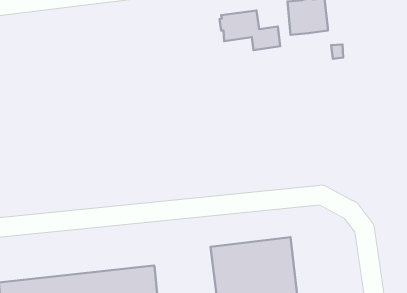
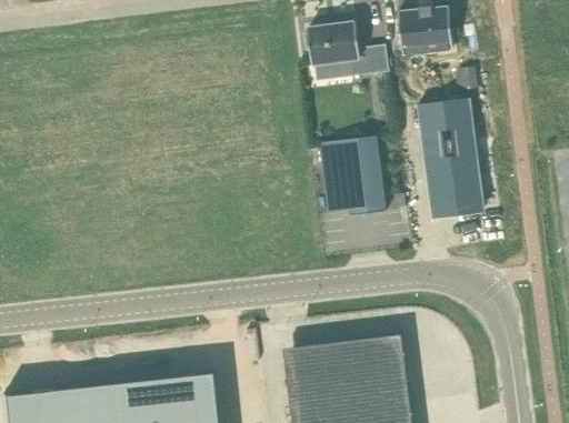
building: none -> [415,98,482,215]
building: none -> [319,135,386,215]

